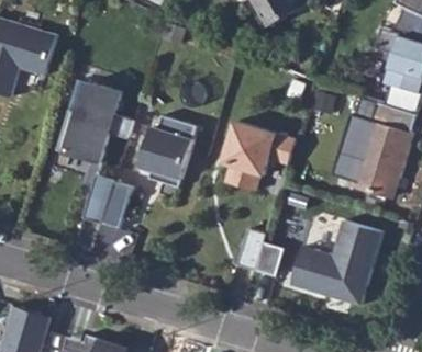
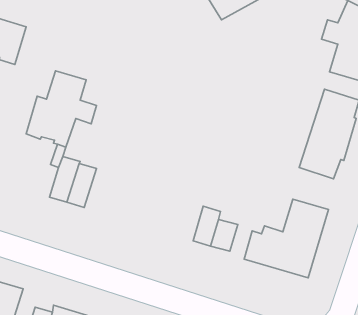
building: [137,115,196,188] -> none
building: [221,122,293,191] -> none

